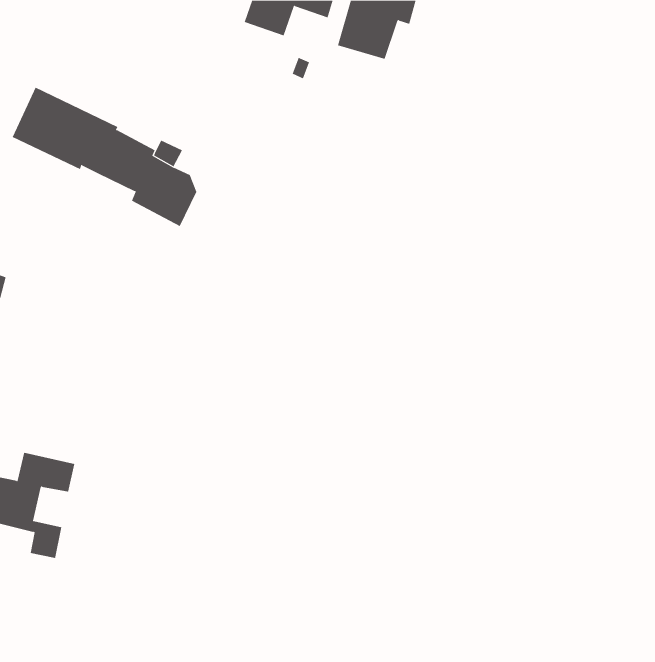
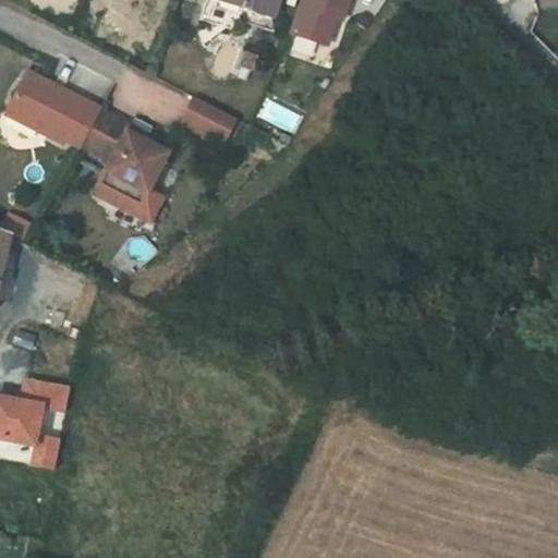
building: none -> [185,97,236,141]
building: none -> [98,169,166,220]

